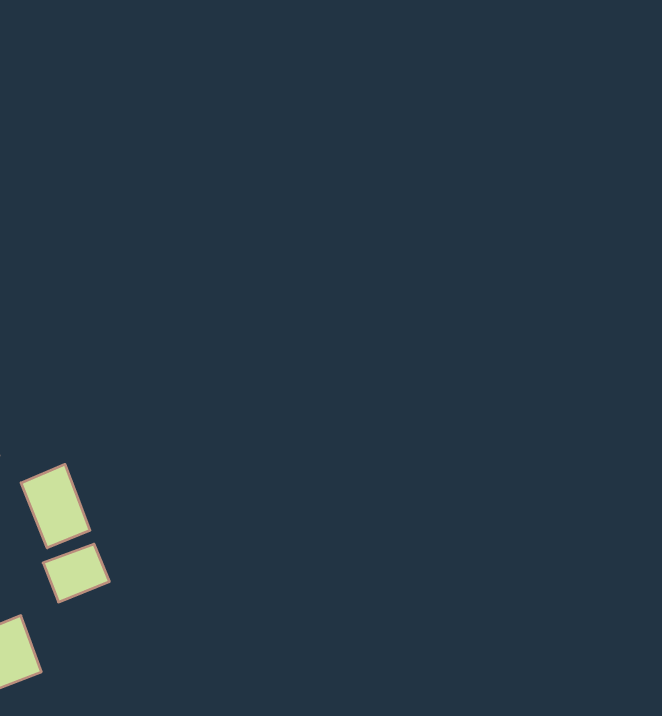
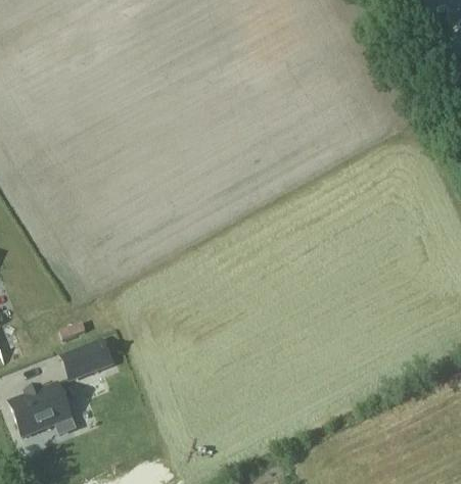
building: [21,464,90,548] -> none

